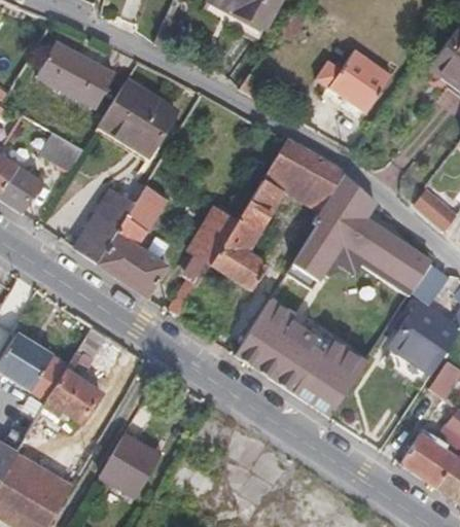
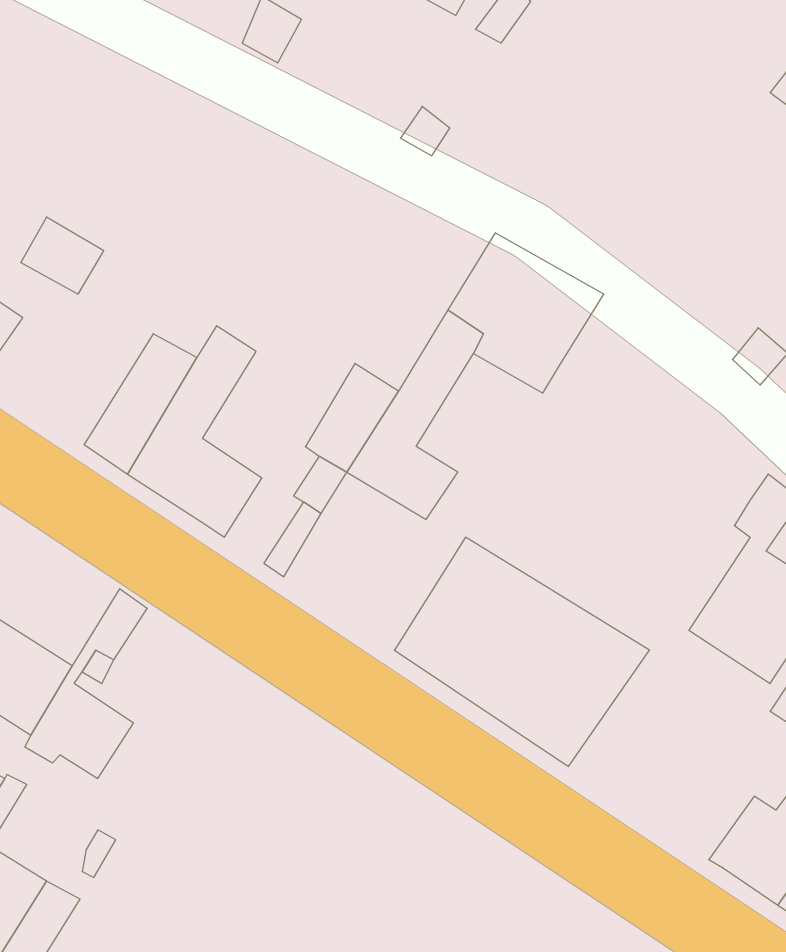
building: [37,42,113,106] -> none
building: [317,51,391,121] -> none
building: [98,80,176,155] -> none
building: [288,171,432,295] -> none
building: [100,434,160,496] -> none

